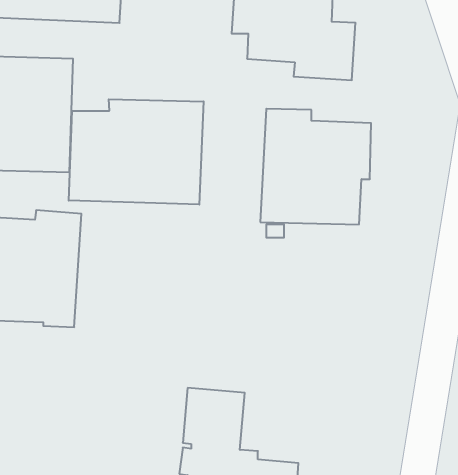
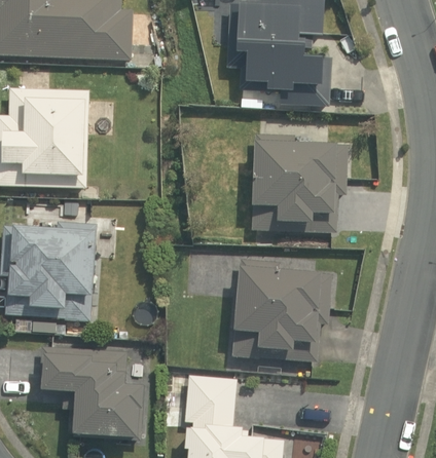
building: [69,99,204,205] -> none
building: none -> [231,257,334,360]
building: none -> [38,345,145,437]

